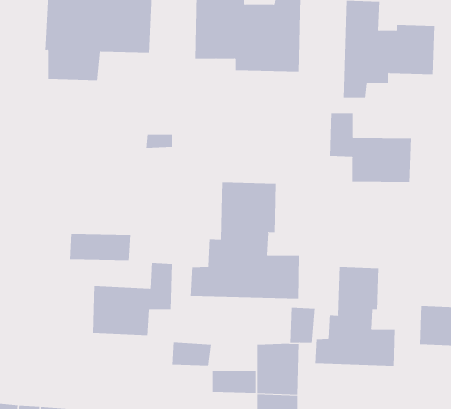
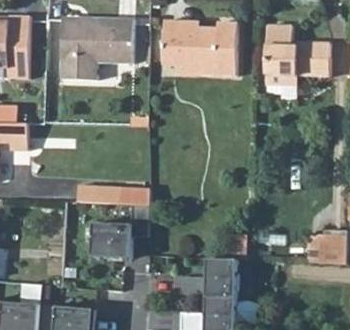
building: [330,113,411,183] -> none
building: [190,182,299,300] -> none
building: [315,266,395,367] -> none

